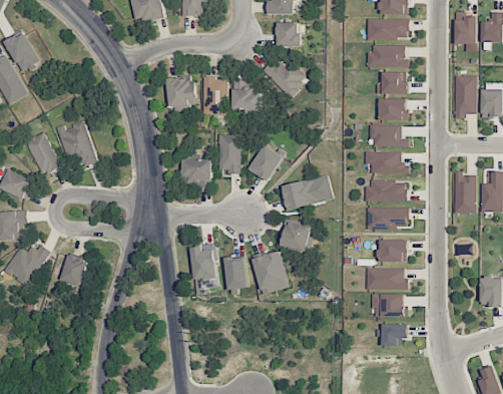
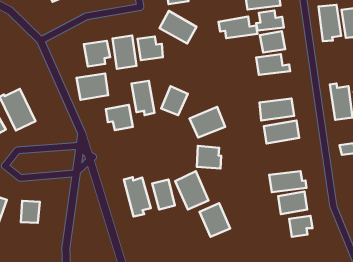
building: none -> [77,74,108,100]
building: [365,151,409,173] -> [219,17,257,38]
building: [379,240,408,262] -> none
building: none -> [200,203,230,237]

